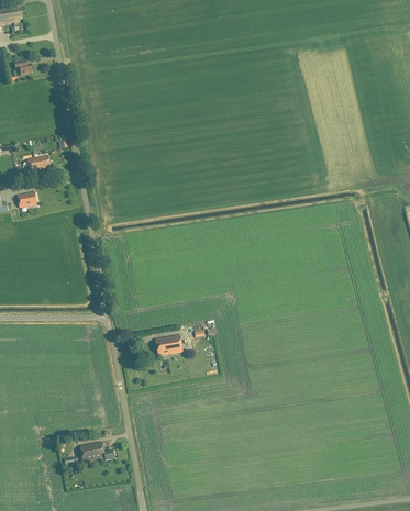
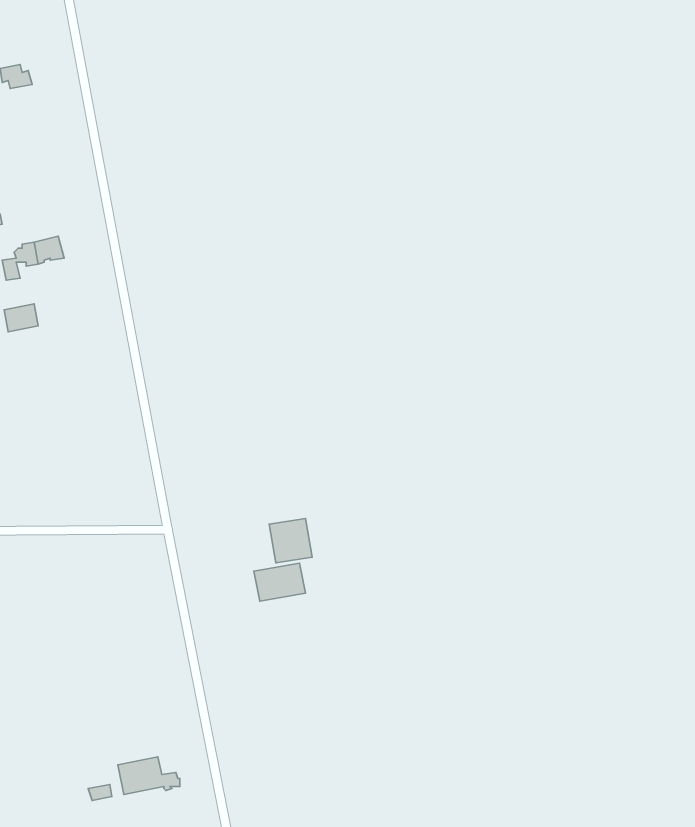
building: none -> [269,519,312,563]

